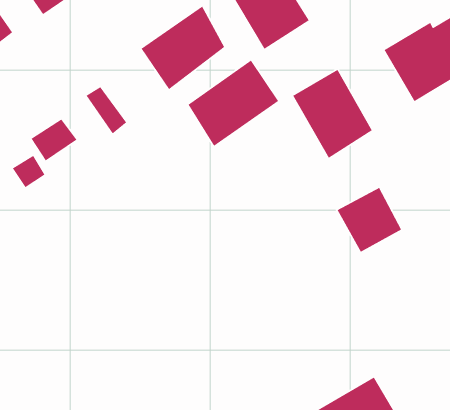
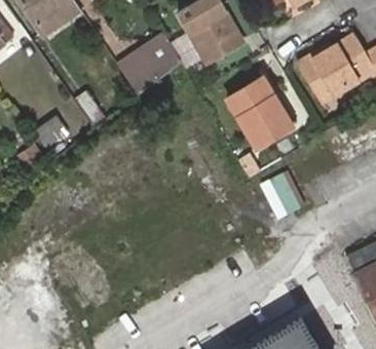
building: [188,60,279,147] -> none

